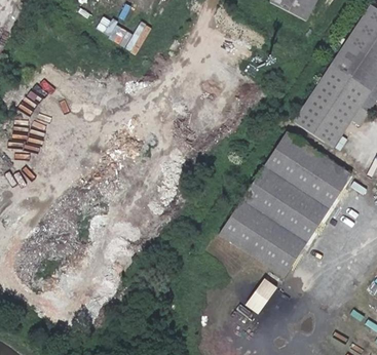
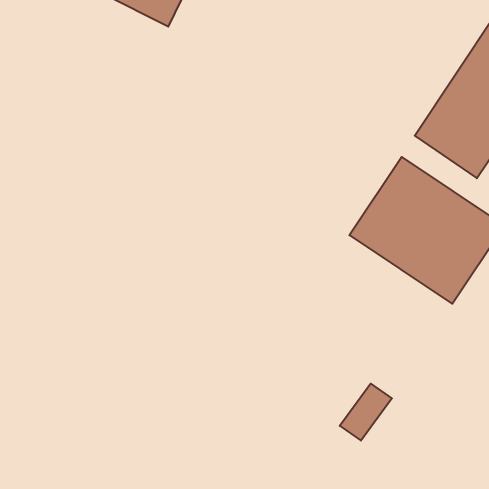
building: [219,182,318,278] -> none

